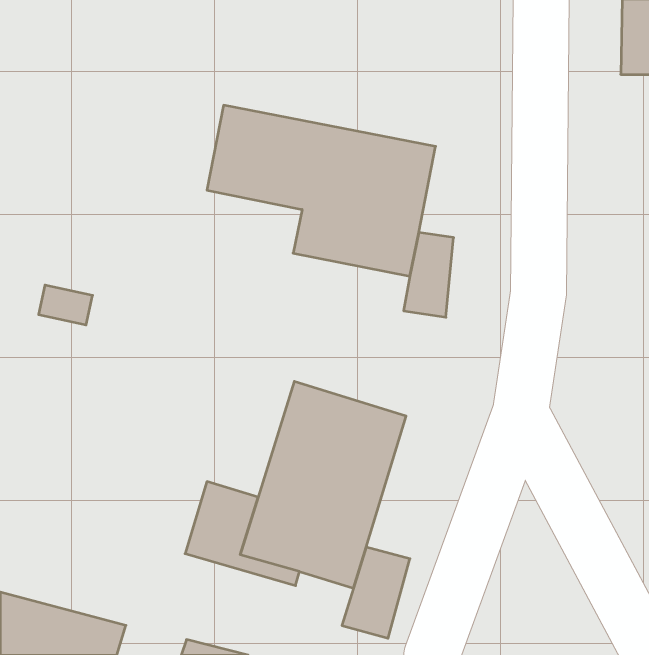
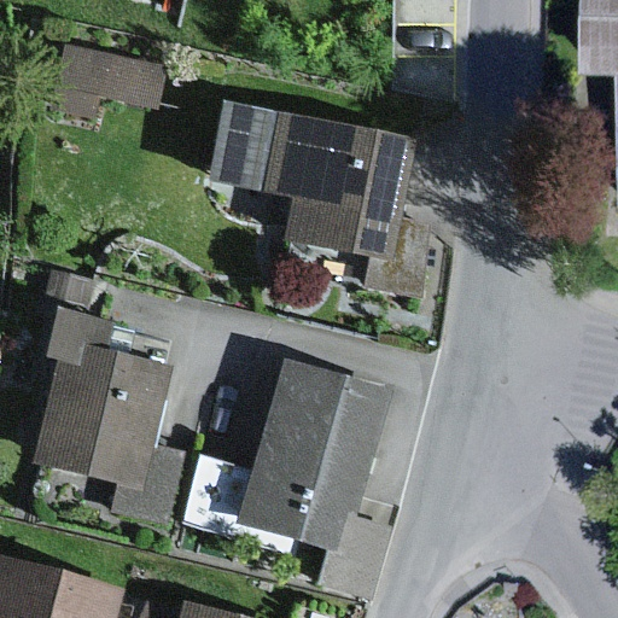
building: none -> [49,48,165,122]
building: none -> [31,307,188,525]

